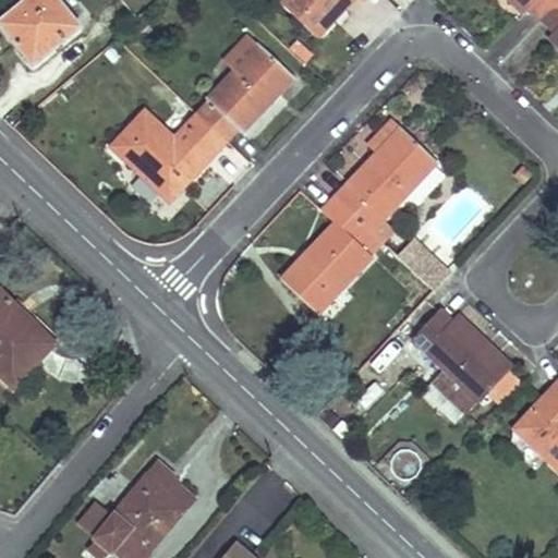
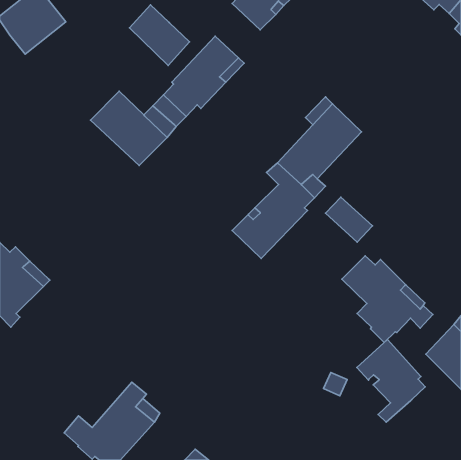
building: none -> [130,5,190,65]
building: none -> [357,340,425,422]

